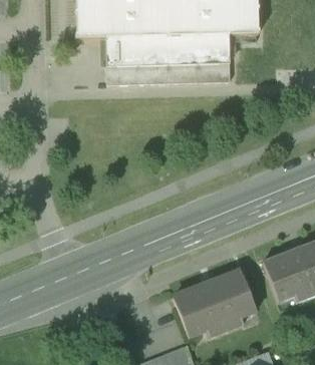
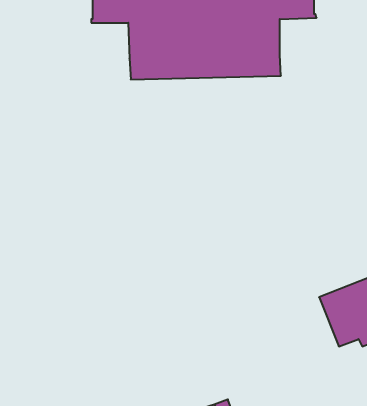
building: [174,269,256,336] -> none

